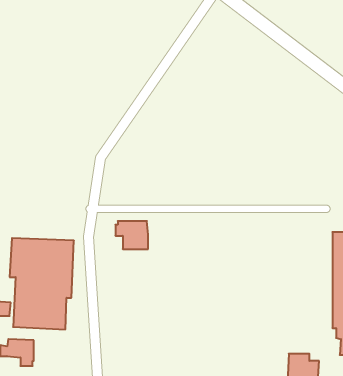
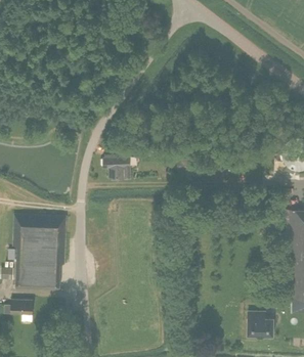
building: [115,221,148,249] -> [103,153,131,177]

